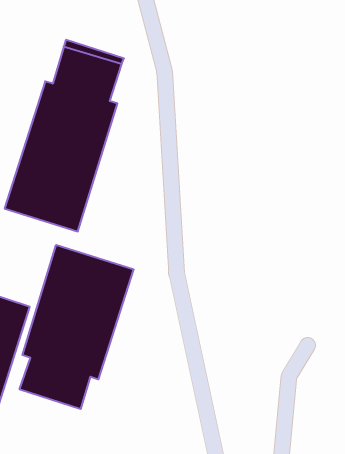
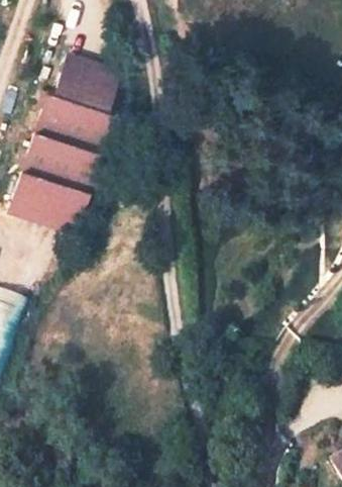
building: [20,245,134,409] -> none

